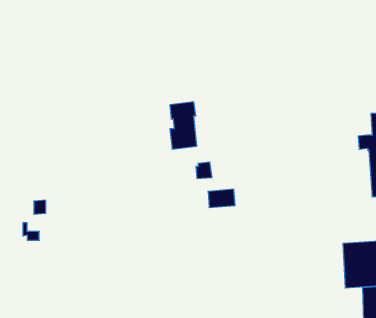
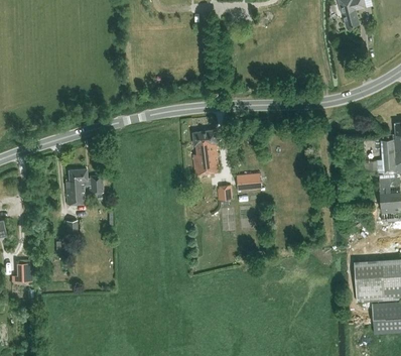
building: none -> [65,170,102,205]
building: [208,189,235,208] -> [237,173,262,191]

